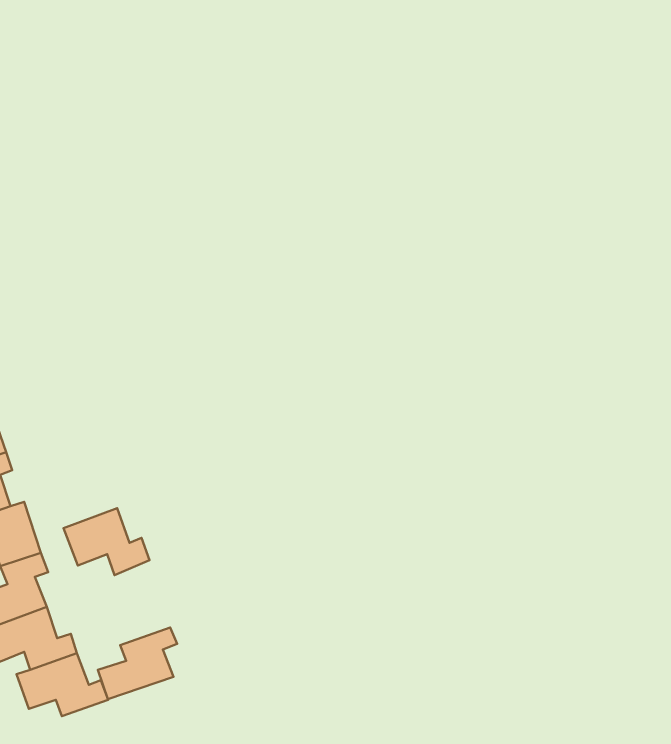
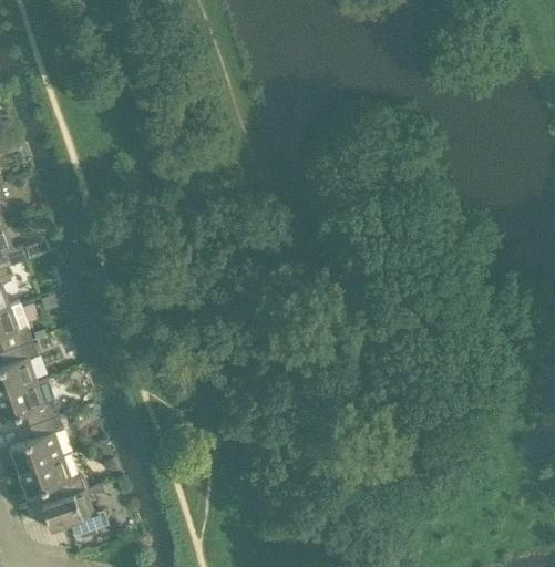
building: [64,508,150,575] -> none
building: [98,627,177,699] -> none

